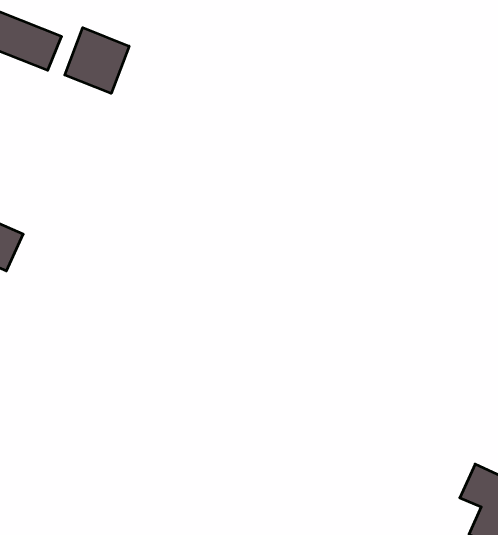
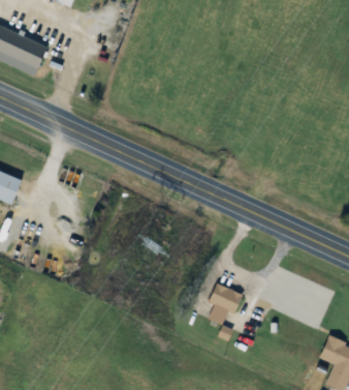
building: [65,28,129,93] -> none
building: none -> [207,283,243,325]

